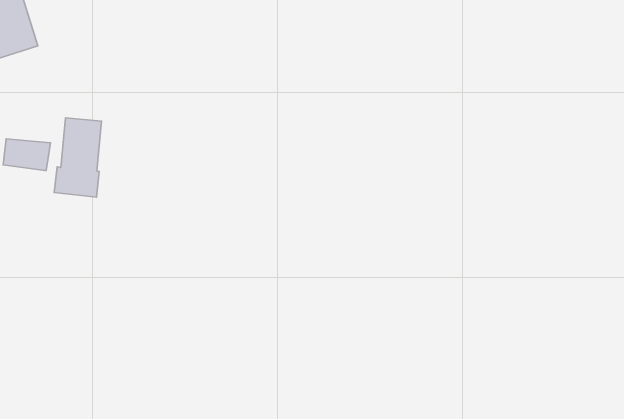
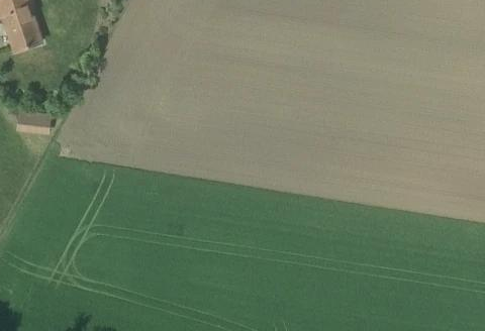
building: [54,118,102,197] -> none

